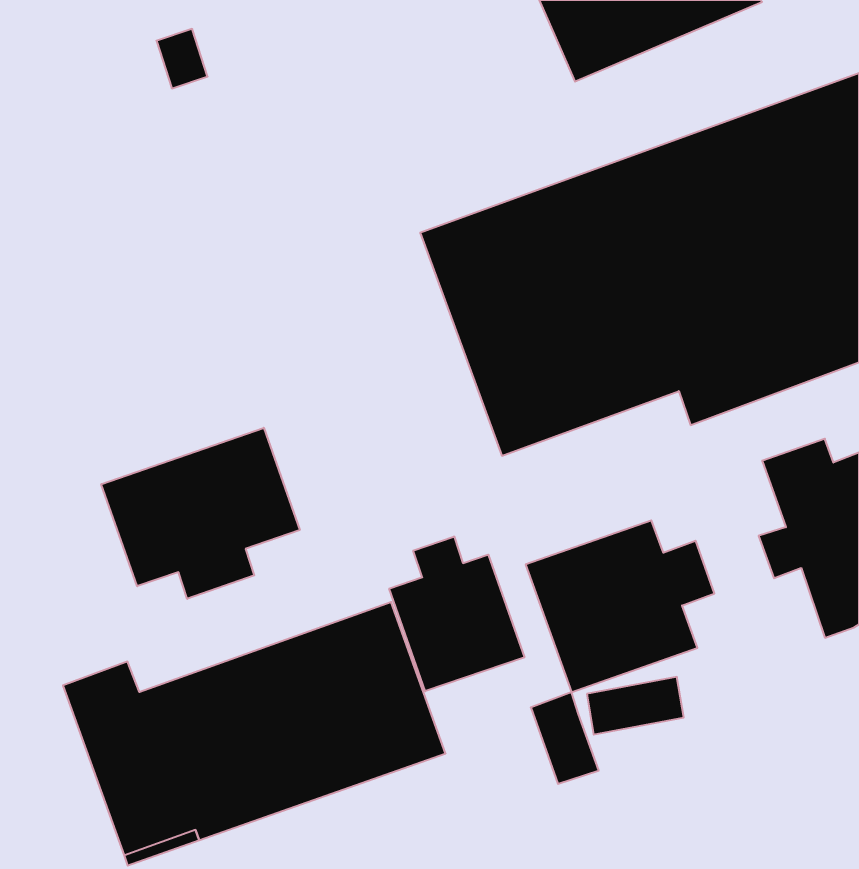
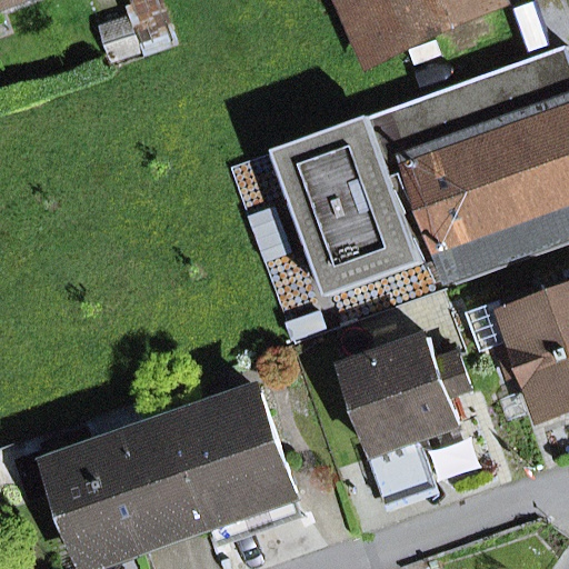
building: [101,428,300,599] -> none
building: [389,536,524,691] -> none

